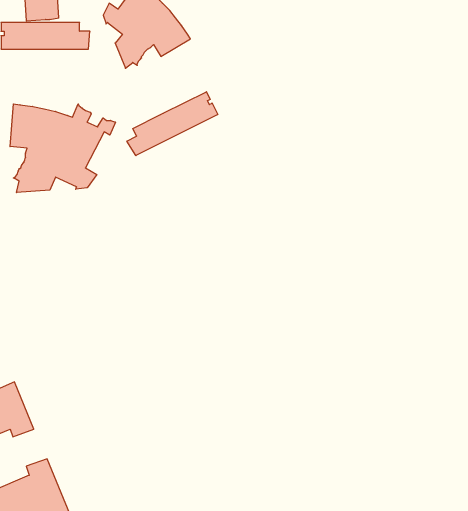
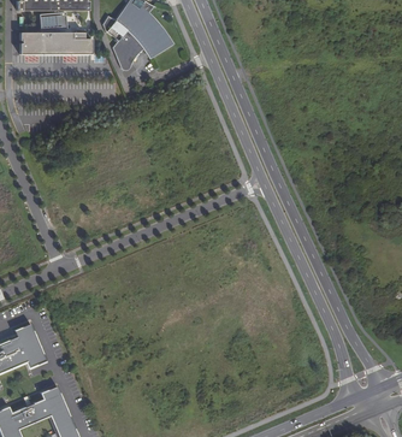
building: [127,92,218,156] -> none
building: [10,104,115,193] -> none

